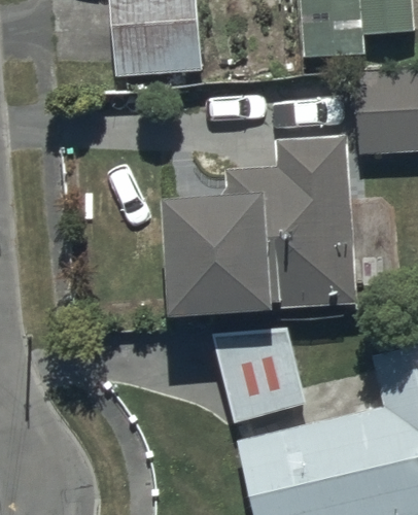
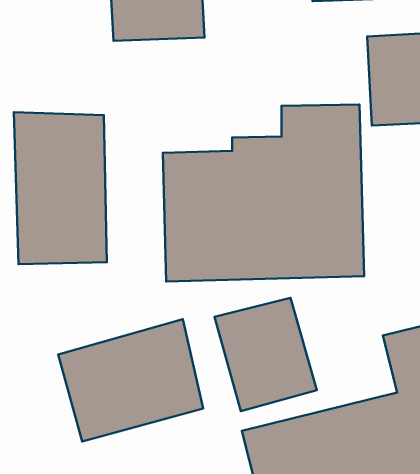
building: none -> [14,112,107,264]
building: none -> [58,319,203,441]

